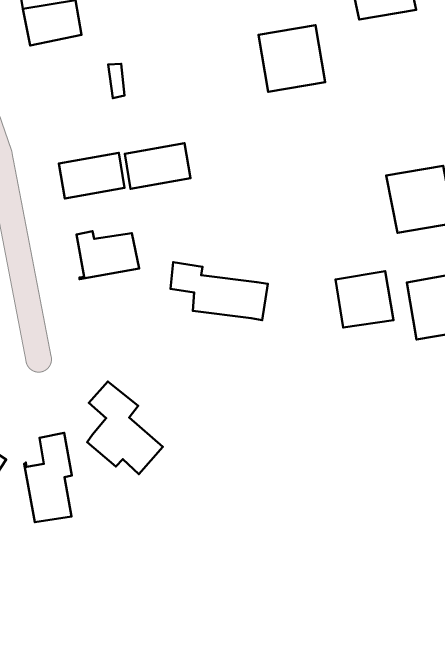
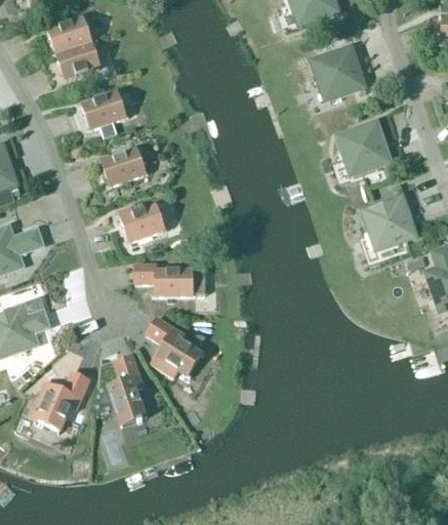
building: [259,25,325,92] -> [311,45,364,98]
building: [125,143,190,189] -> [78,90,128,129]
building: [171,262,268,320] -> [132,262,203,295]
building: [335,271,393,327] -> none

